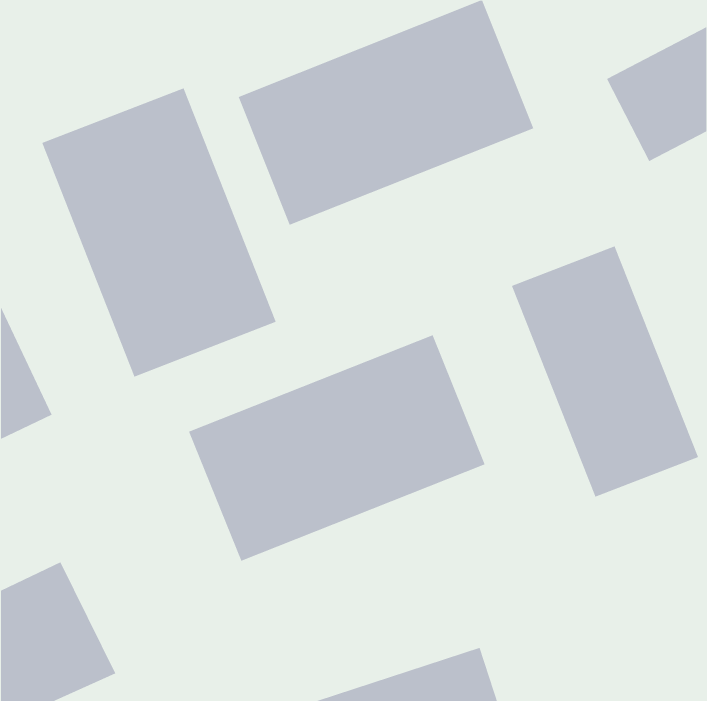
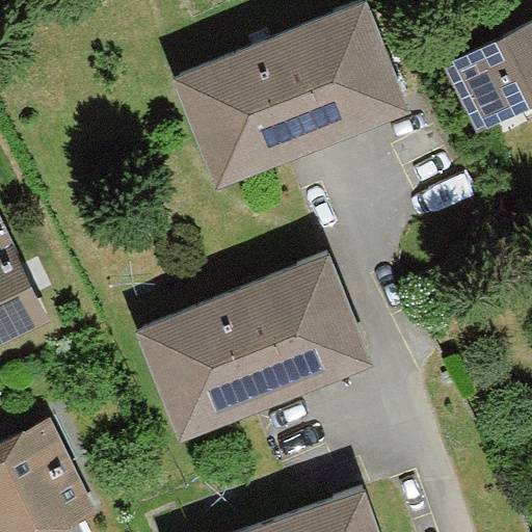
building: [41,87,277,377] -> none
building: [511,246,699,498] -> none

